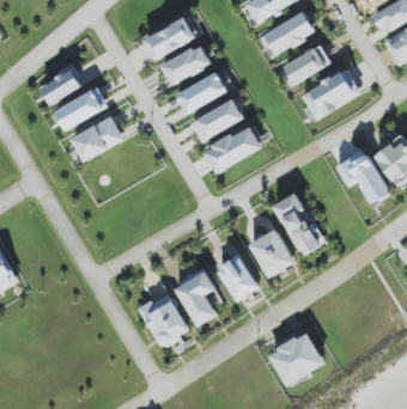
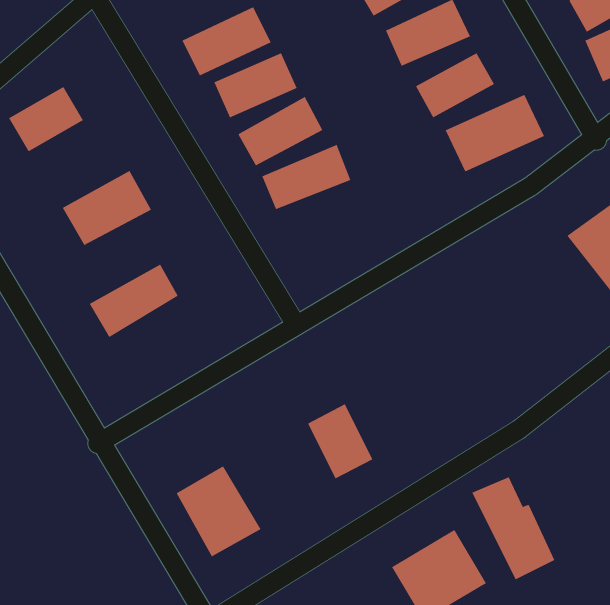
building: [53,87,107,132] -> [89,264,179,338]
building: [202,124,262,173] -> none
building: [334,149,388,205] -> none
building: [273,194,323,256] -> [471,476,555,580]
building: [249,228,293,277] -> none
building: [172,269,215,326] -> none

